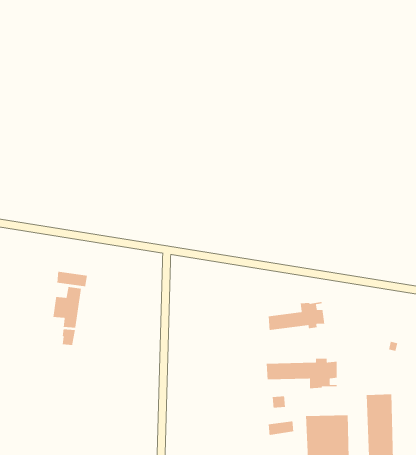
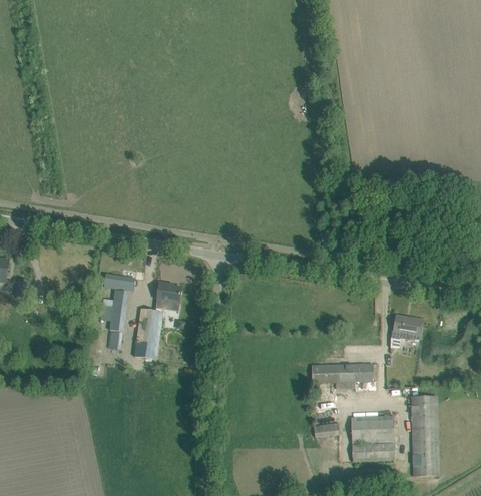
building: none -> [133,282,180,359]
building: [268,301,325,331] -> none
building: none -> [390,315,422,339]

